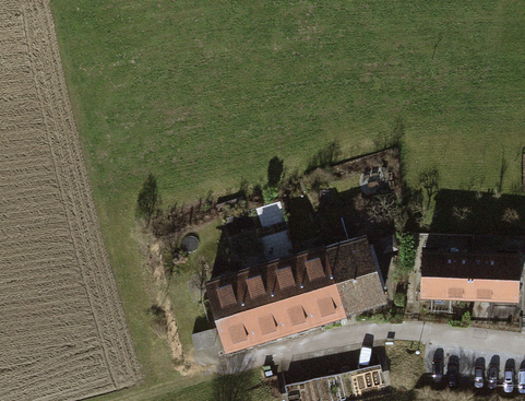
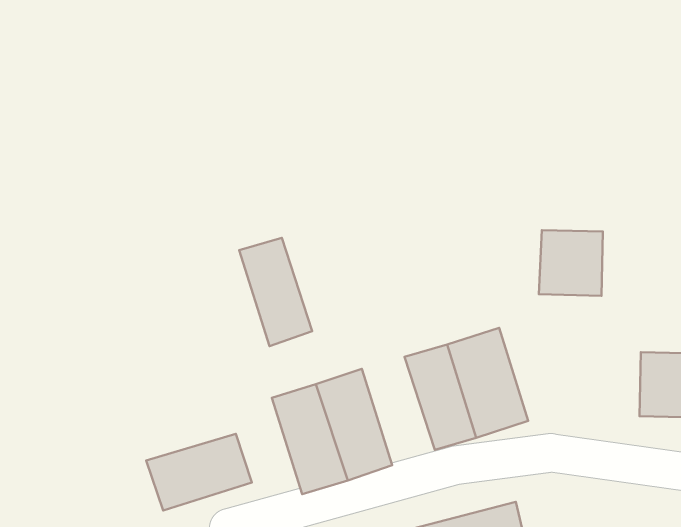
building: [421,252,467,299] -> [539,230,603,296]
building: [267,257,320,334] -> [239,238,312,346]
building: none -> [146,434,252,511]

